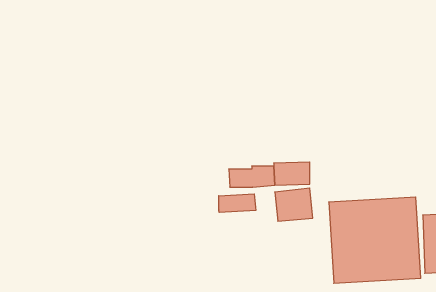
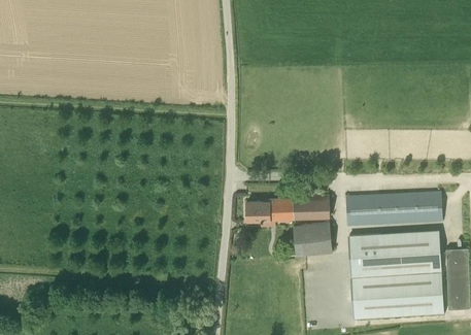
building: none -> [346,194,440,224]
building: [219,194,256,212] -> none

